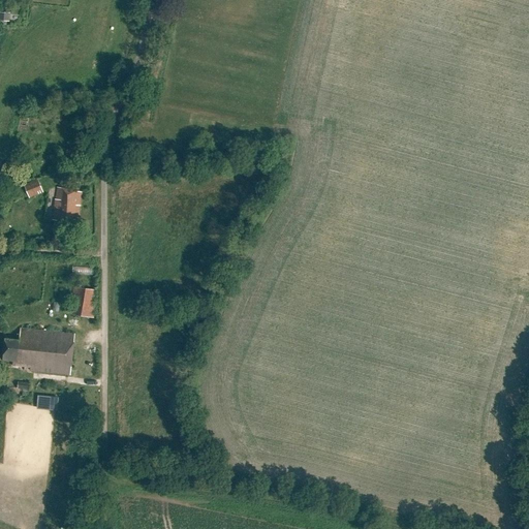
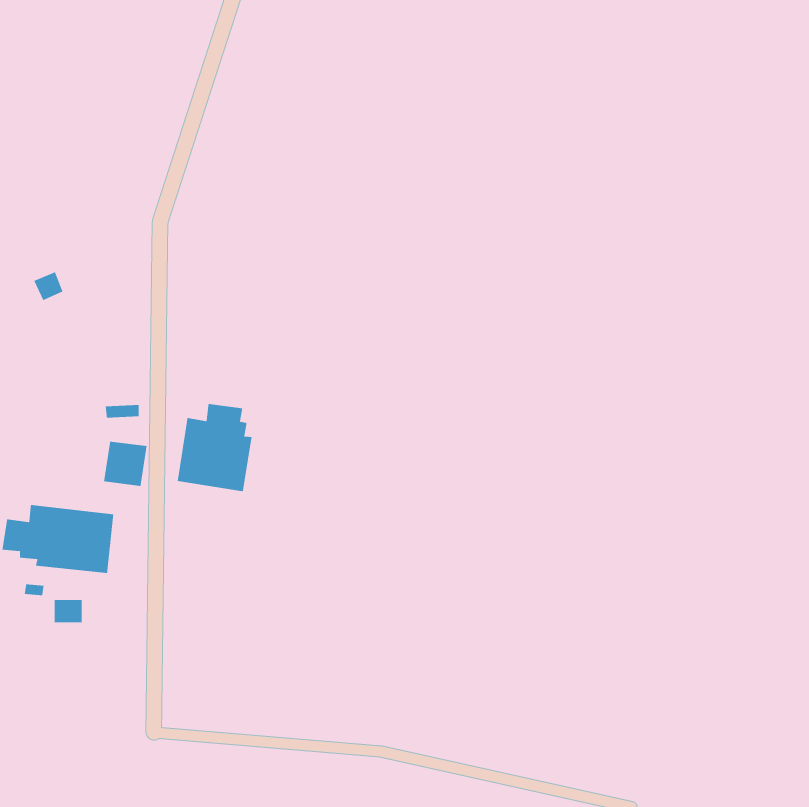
building: [52,187,81,221] -> none
building: none -> [177,403,252,492]

